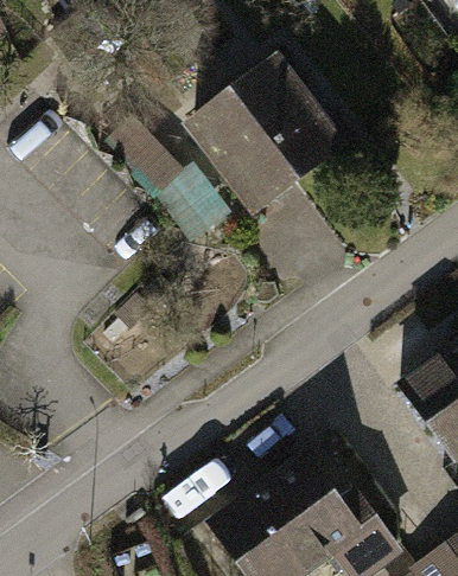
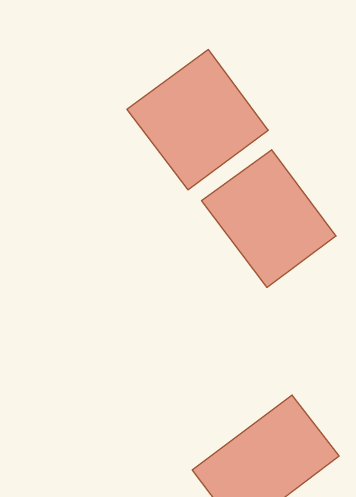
building: none -> [202,150,336,287]

